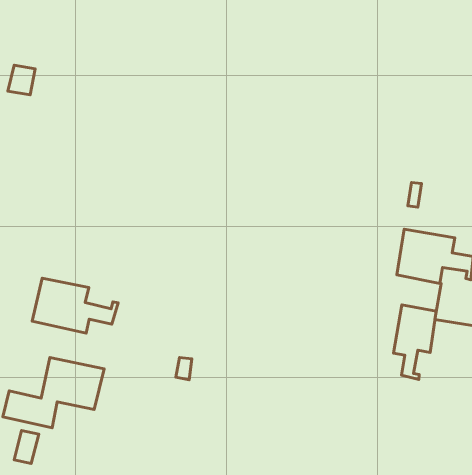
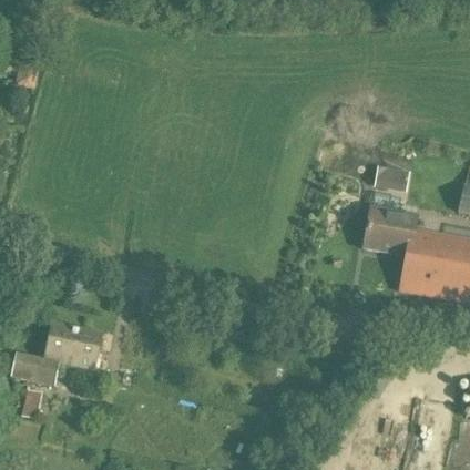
building: [32,278,118,333] -> none
building: [393,305,436,379] -> none

